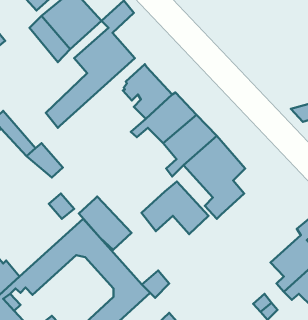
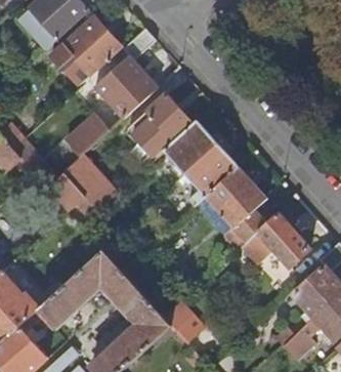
building: [142,182,208,234] -> [243,214,310,267]
building: [79,196,131,250] -> [61,156,115,210]

